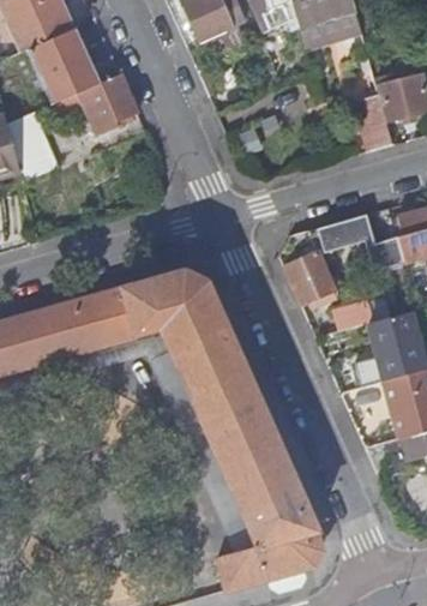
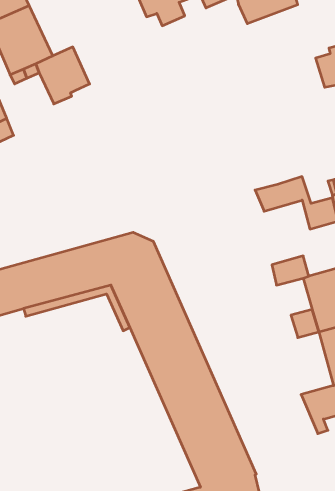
building: [360,92,395,150] -> none
building: [281,229,337,306] -> none

